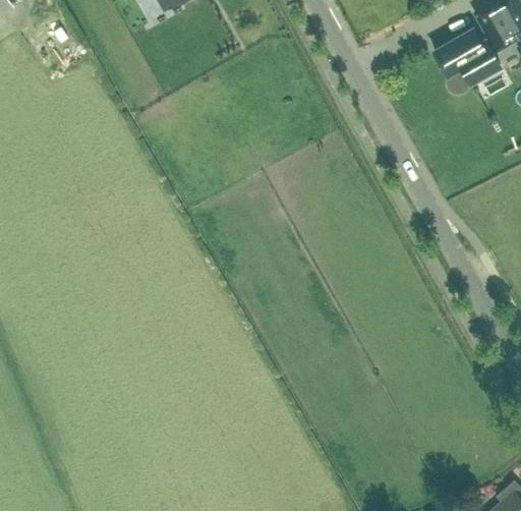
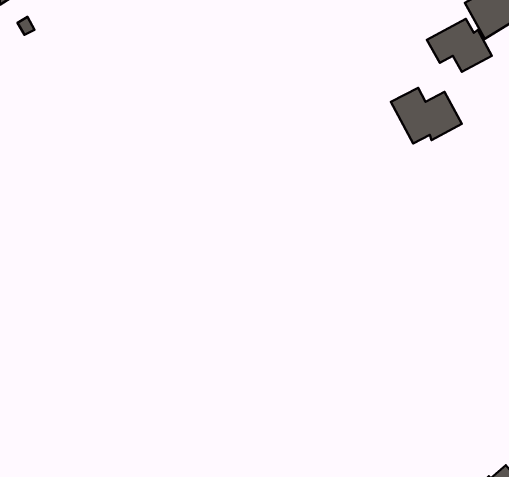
building: none -> [391,88,462,143]

